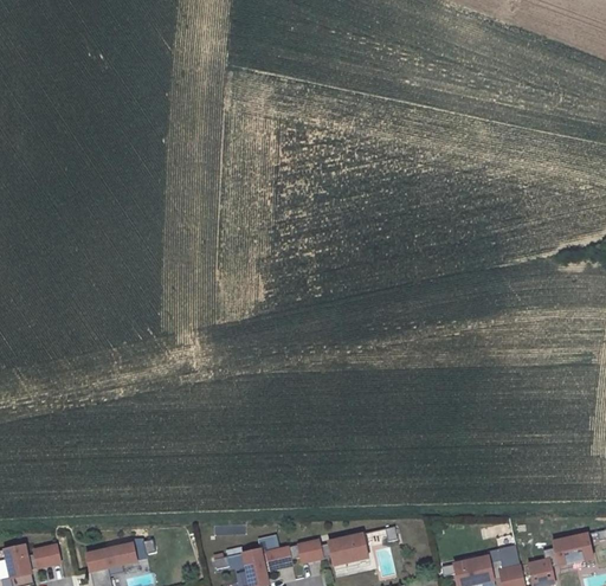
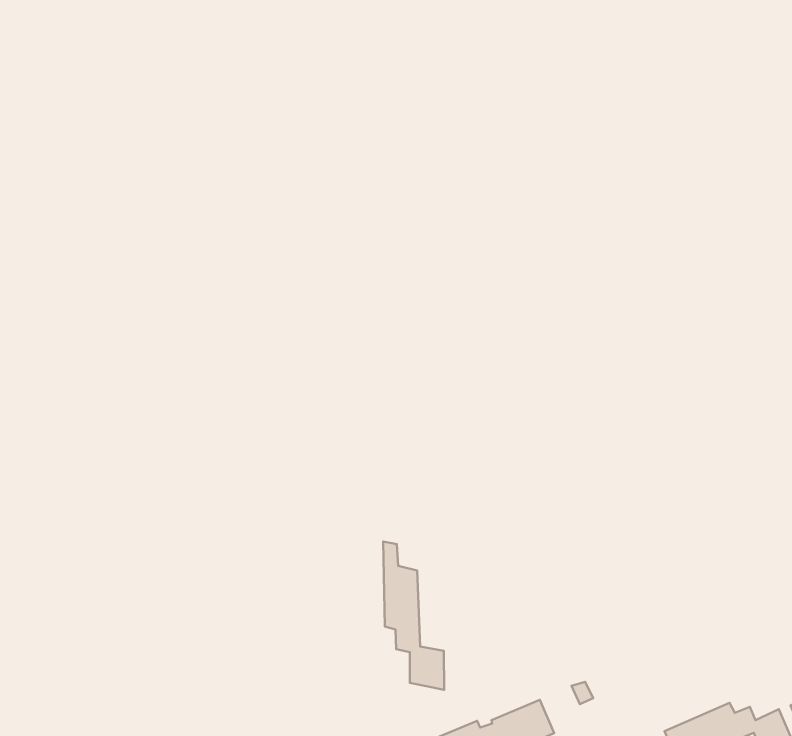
building: none -> [383,541,444,690]

